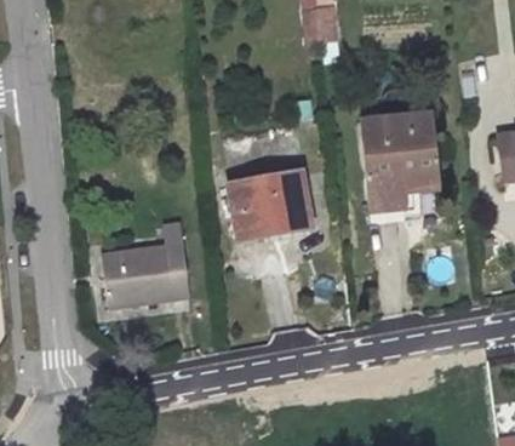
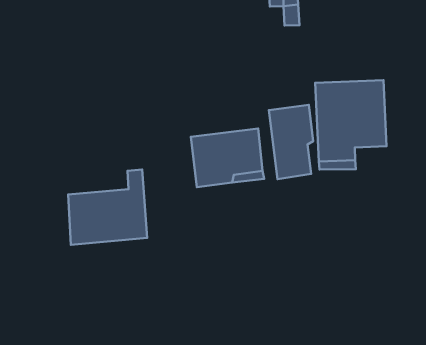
building: none -> [269,105,313,179]

